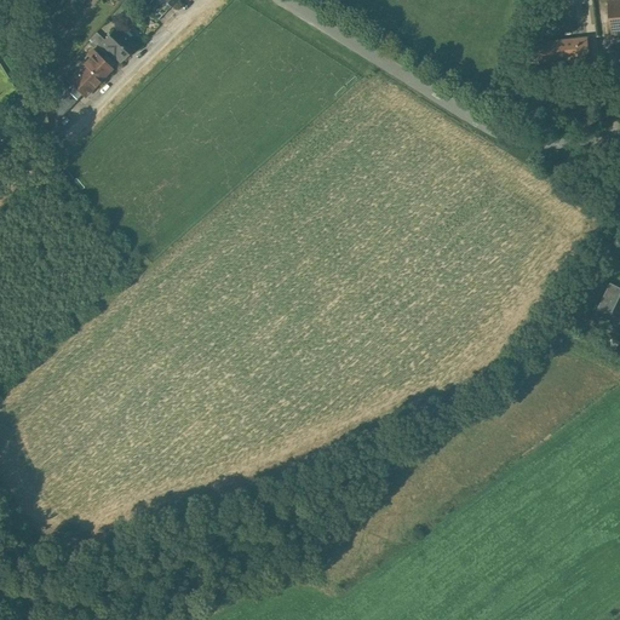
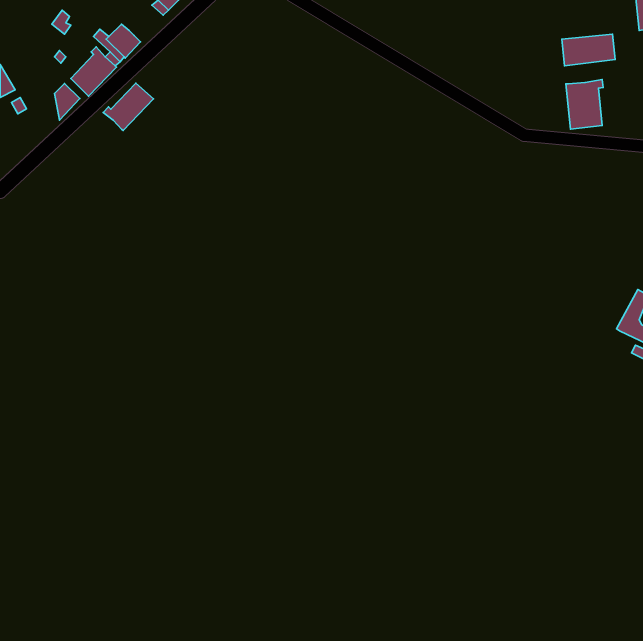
building: none -> [566,80,603,129]
building: none -> [103,83,153,131]

